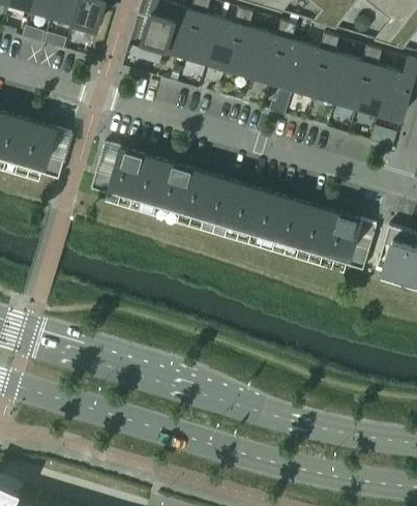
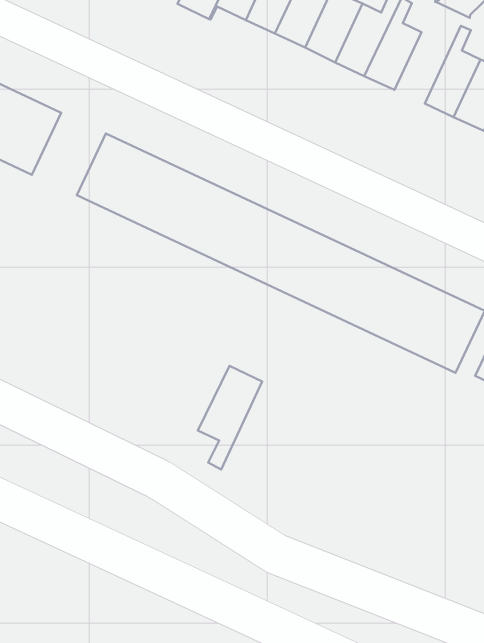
building: [293,34,331,92] -> none
building: none -> [198,366,262,469]

